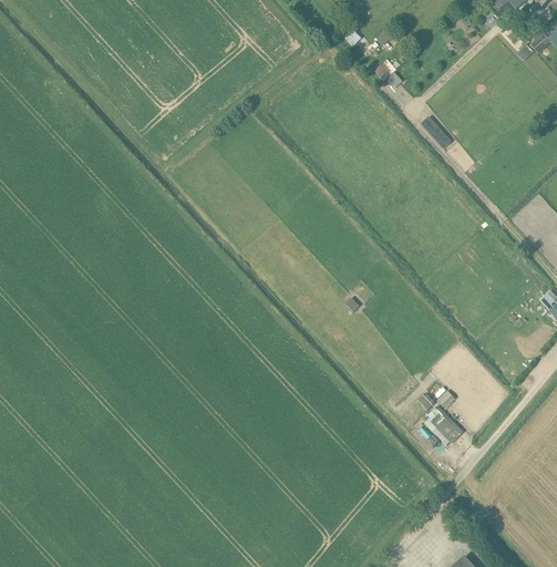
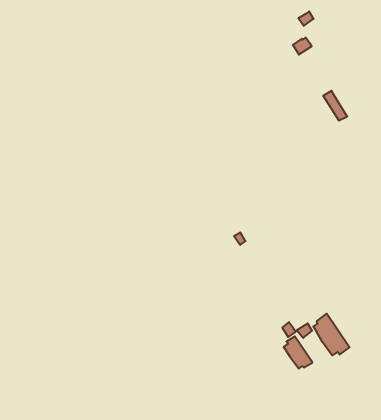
building: none -> [313,314,350,355]

